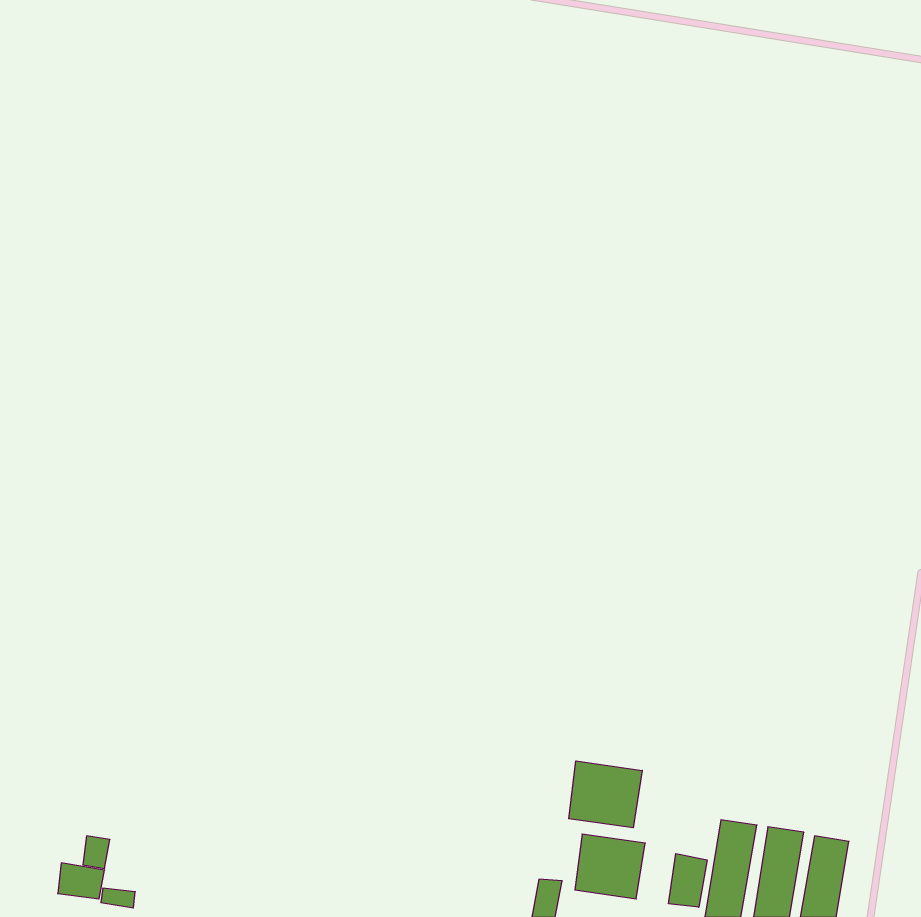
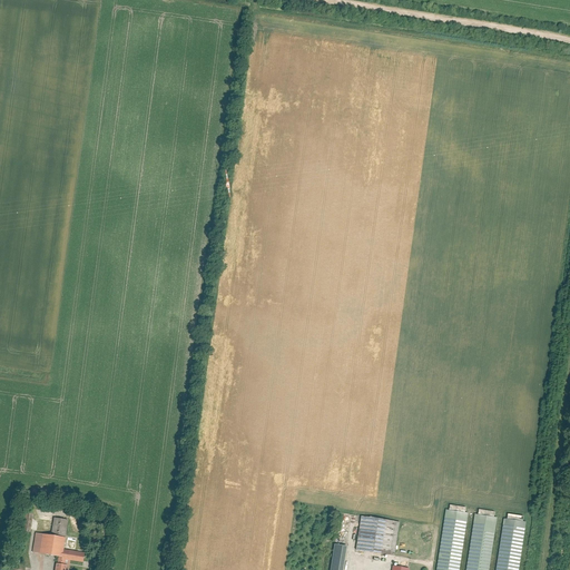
building: [569,761,642,828] -> none
building: [669,854,707,907] -> none

